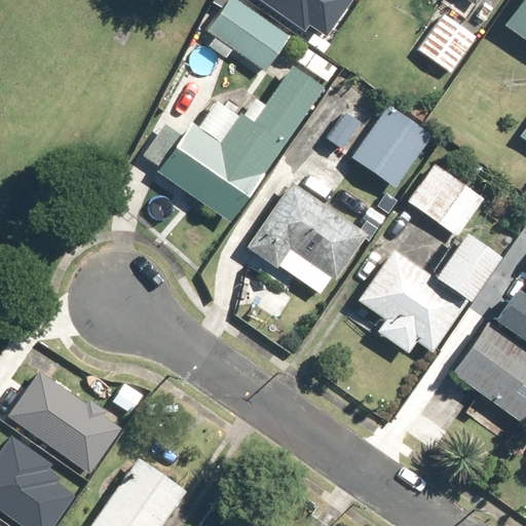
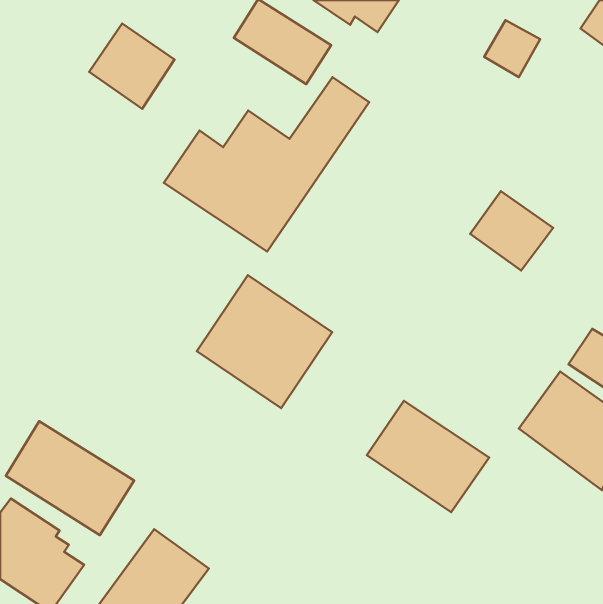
building: none -> [89,24,175,109]
building: [353,110,430,188] -> none
building: [248,183,365,298] -> [197,275,332,408]
building: [434,235,498,300] -> none
building: [361,257,466,353] -> [367,401,489,512]

